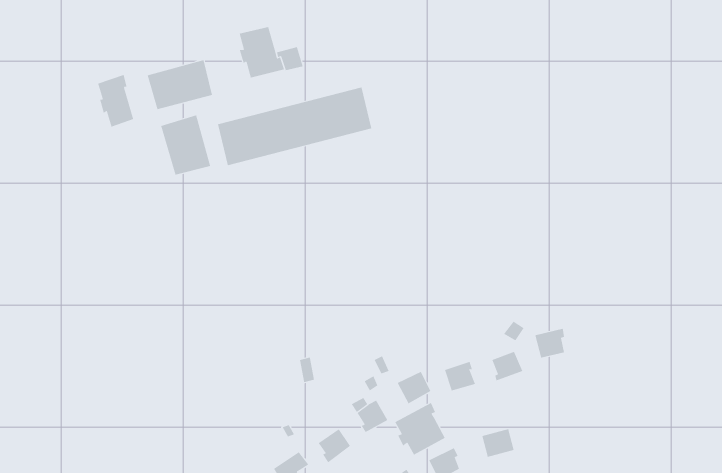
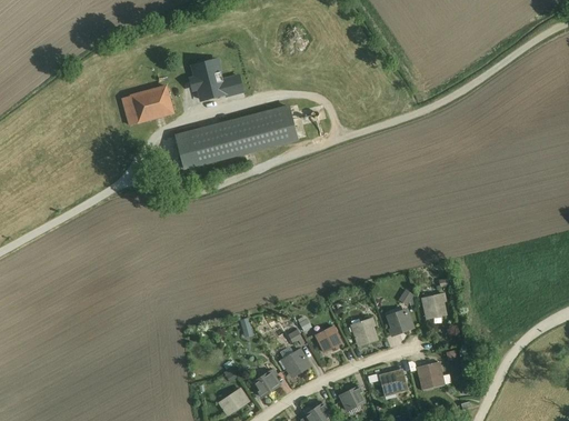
building: [97,74,134,128] -> none
building: [160,114,211,176] -> none
building: [395,402,445,456] -> none
building: none -> [417,363,440,391]

